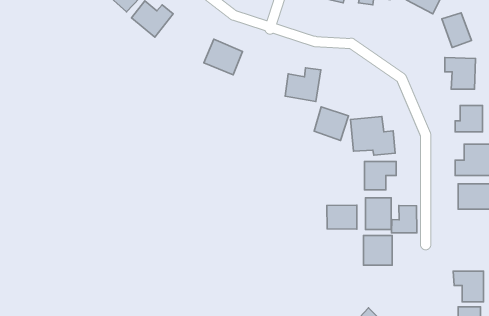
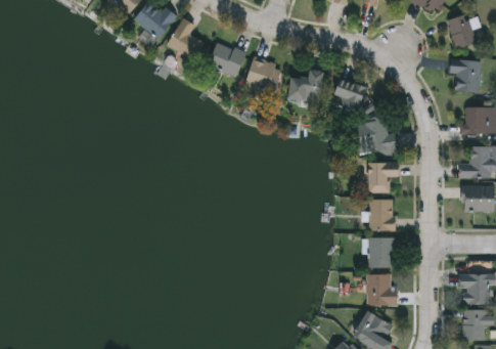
building: none -> [166,17,204,60]
building: none -> [242,59,282,102]
building: [314,107,349,140] -> [332,78,367,112]
building: [327,205,357,229] -> none
building: [392,205,417,233] -> none
building: none -> [366,274,397,306]

